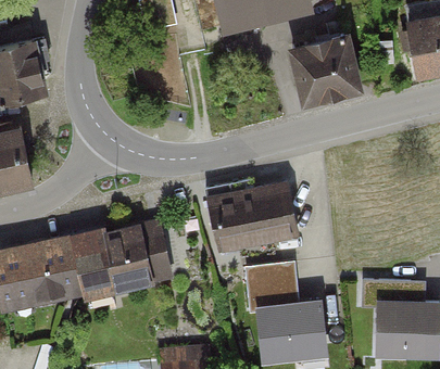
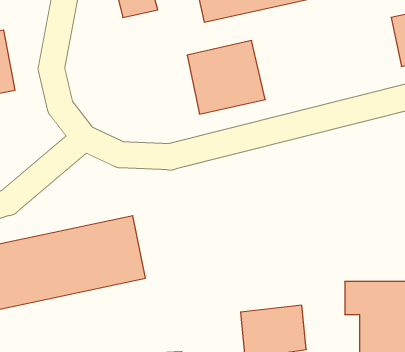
building: [288,35,363,105] -> [187,41,265,114]
building: [208,182,296,253] -> none
building: [248,260,298,297] -> none

